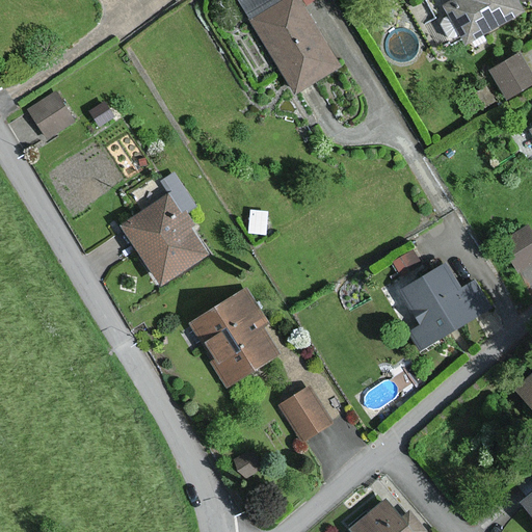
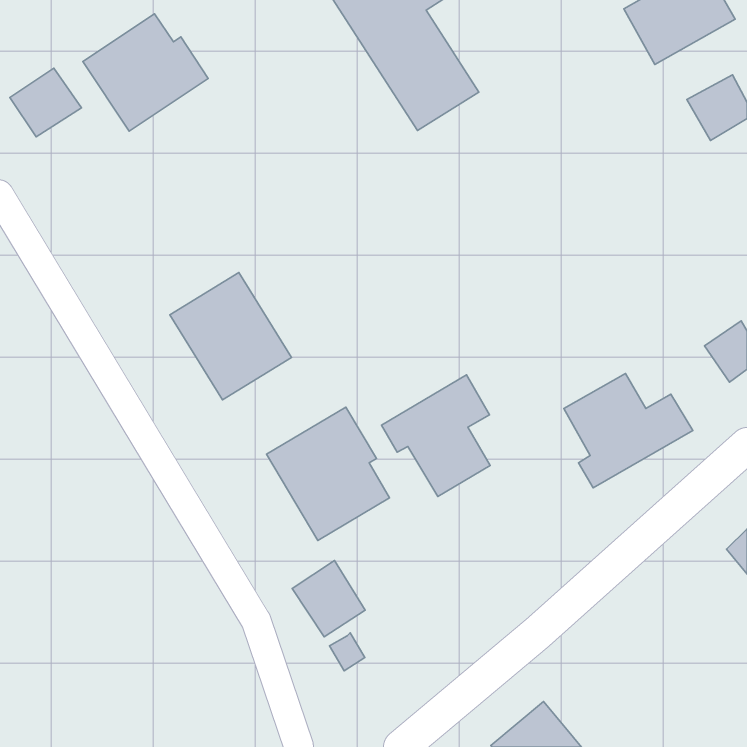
building: none -> [83,14,208,131]
building: [27,88,78,137] -> [10,68,81,137]
building: none -> [381,375,490,497]
building: [278,385,330,440] -> [292,561,365,637]

